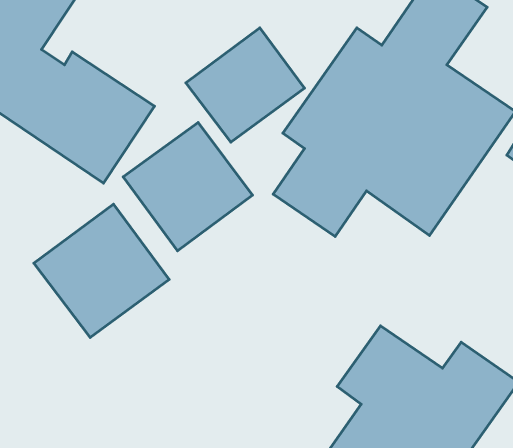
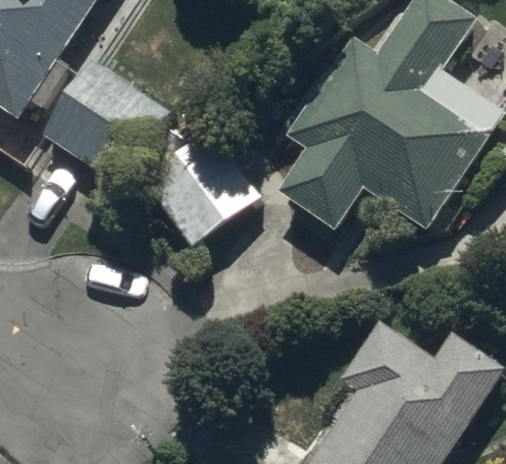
building: [186,28,305,142] -> none
building: [34,204,169,338] -> none

